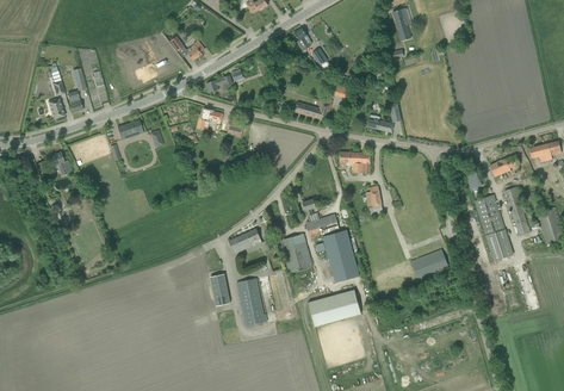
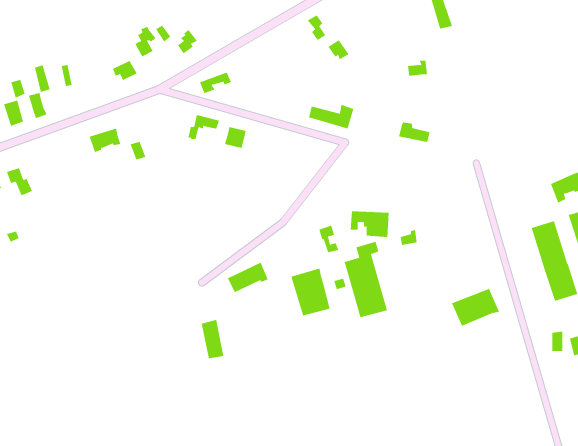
building: [339,151,371,173] -> [350,211,390,237]
building: [236,278,265,324] -> none
building: [308,288,361,325] -> none

